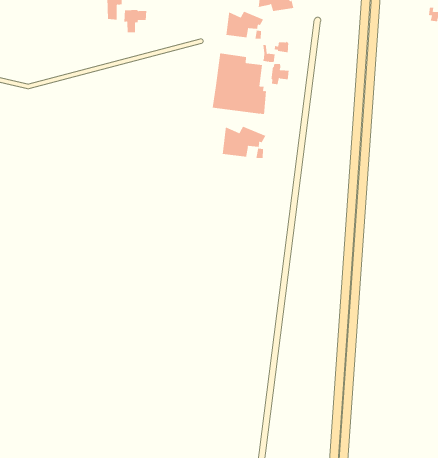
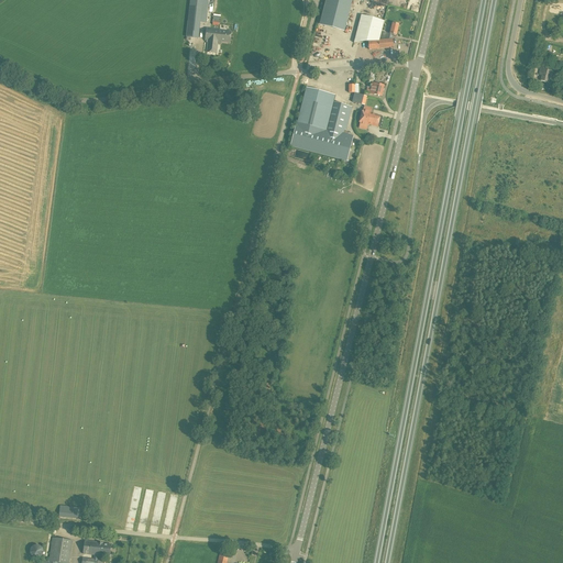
building: [226,11,264,39] -> none
building: [222,126,266,159] -> none

